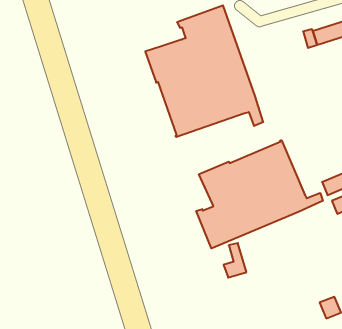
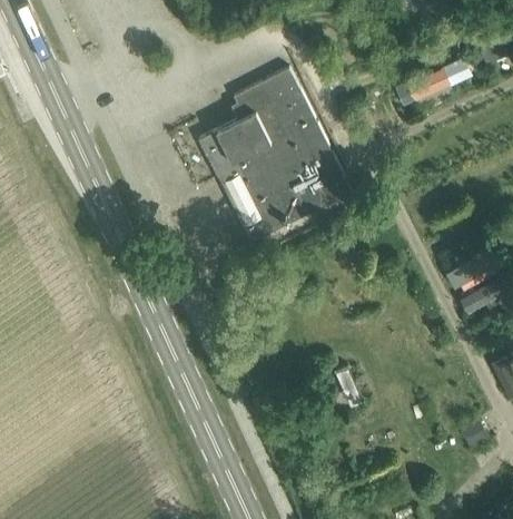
building: [196,140,323,248] -> none

